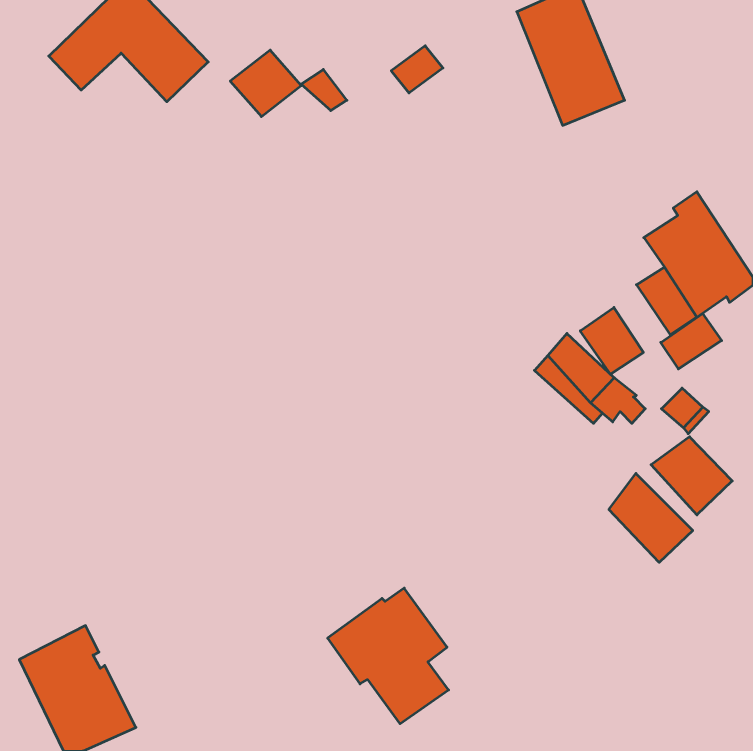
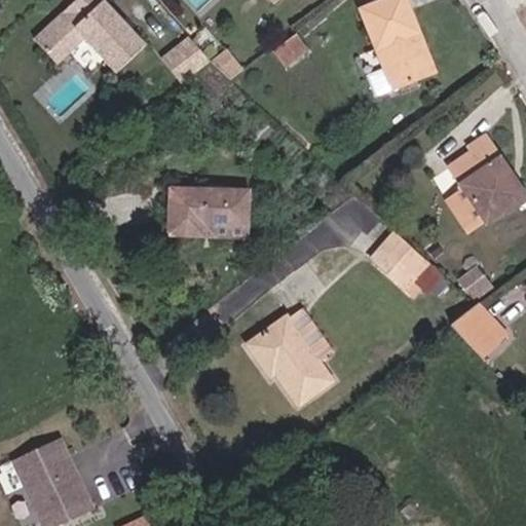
building: none -> [168,187,249,235]
building: [580,307,643,374] -> none
building: [661,314,722,369] -> none
building: [609,473,693,562] -> none
building: [328,588,449,724] -> [248,308,332,403]

